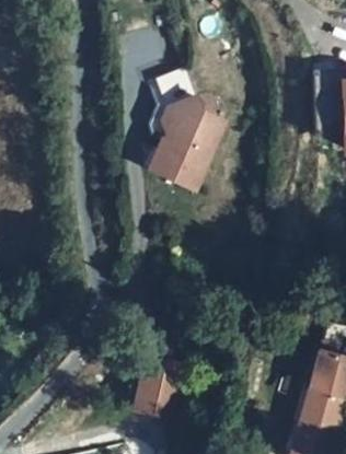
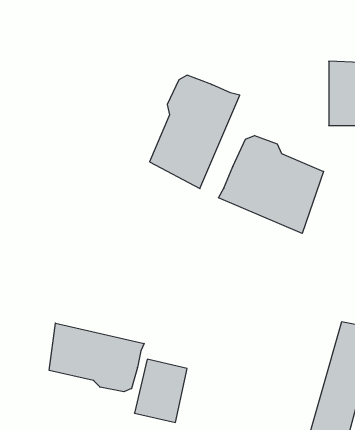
building: none -> [218,136,324,233]
building: none -> [49,323,144,392]

